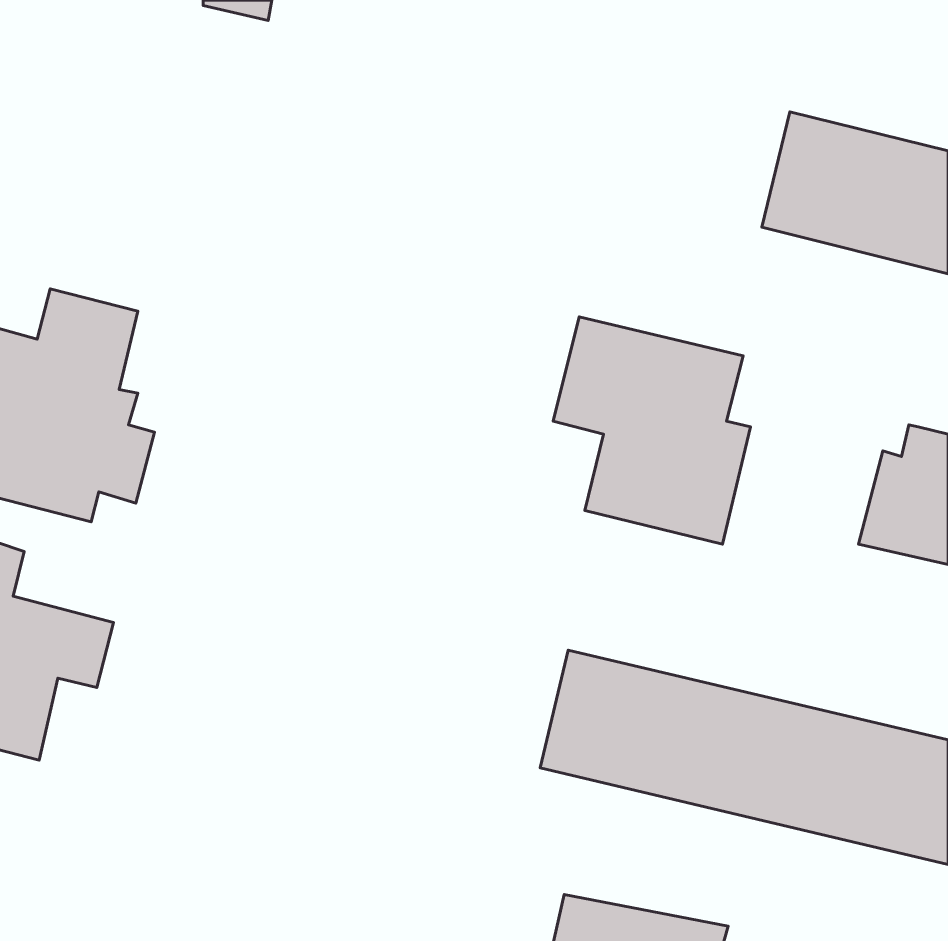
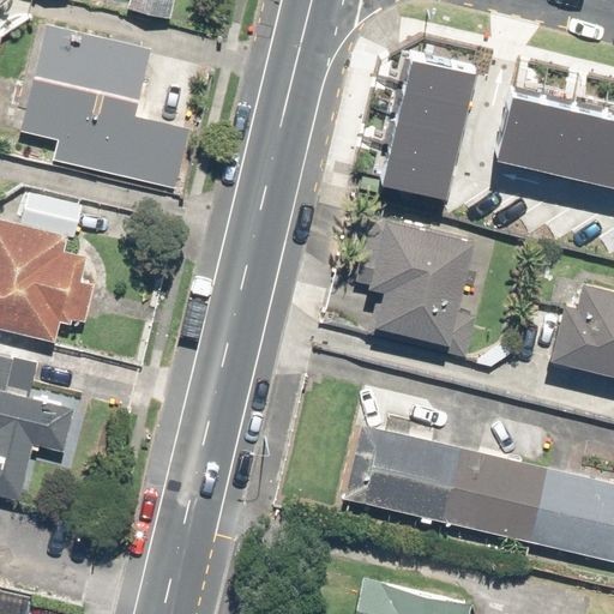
building: none -> [24,25,192,194]
building: none -> [374,43,477,197]

